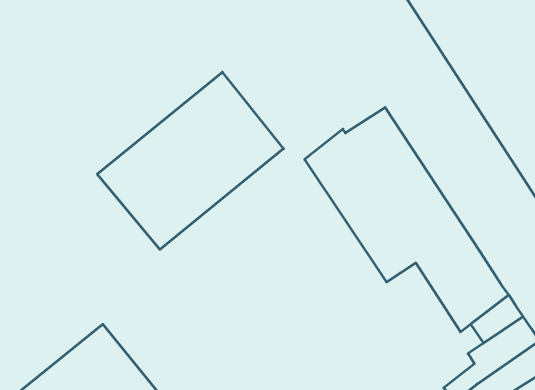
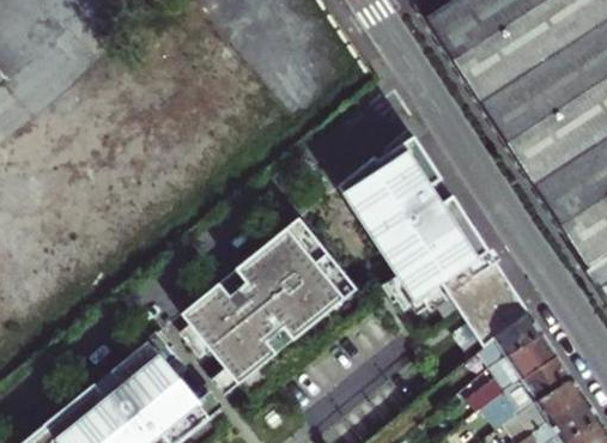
building: [97,72,284,249] -> [183,216,358,382]

